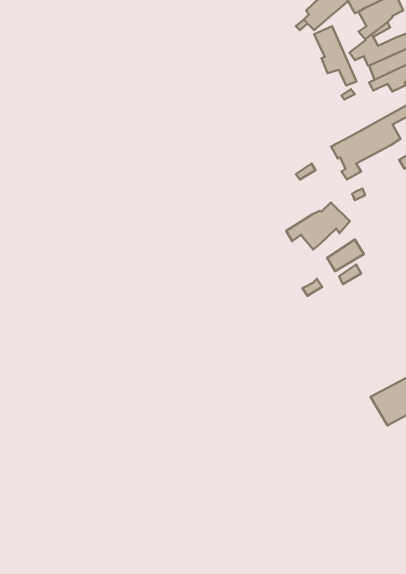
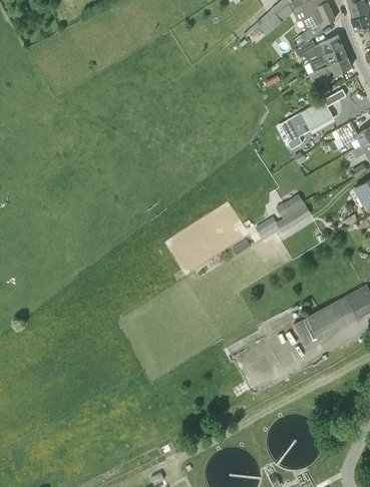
building: [314,26,356,86] -> none
building: [286,202,350,250] -> none
building: none -> [293,315,323,346]

